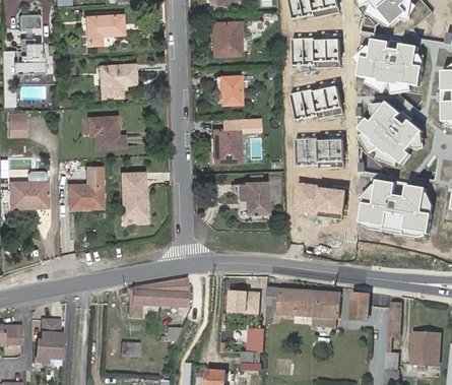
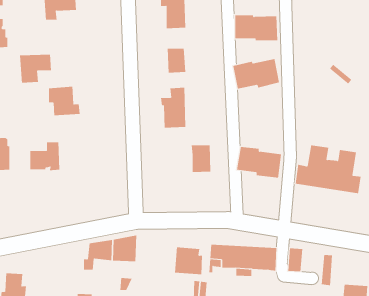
building: [360,38,425,85] -> none
building: [100,65,135,97] -> [19,54,52,83]
building: [359,101,424,164] -> none
building: [297,137,344,167] -> none
building: [123,173,145,214] -> none

